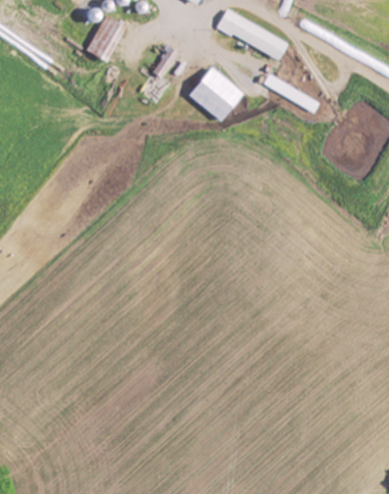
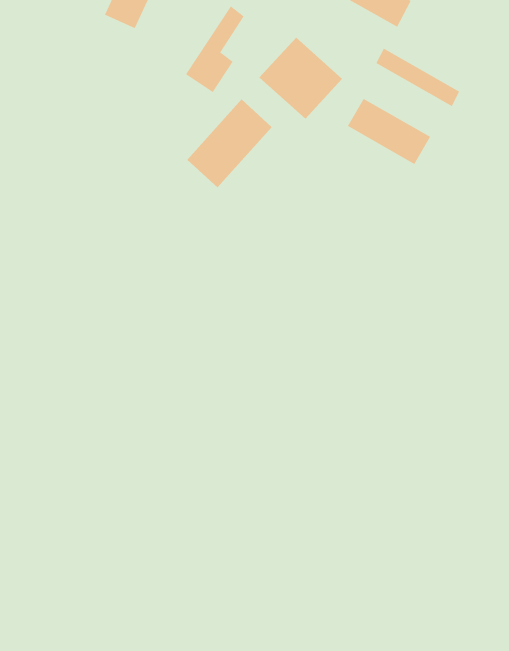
building: none -> [347,98,431,165]
building: none -> [187,99,273,188]

